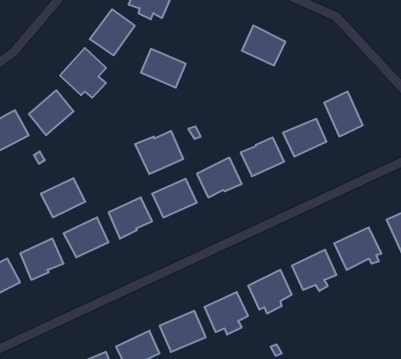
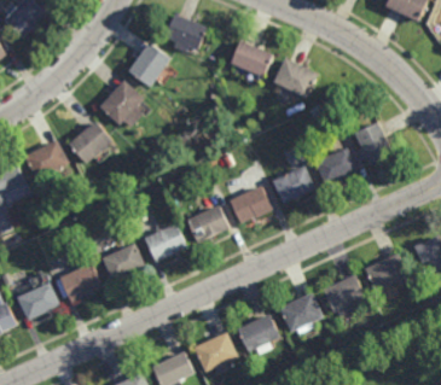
building: [141,49,186,88] -> [231,39,274,76]
building: [135,131,183,174] -> none
building: [41,178,85,217] -> none

